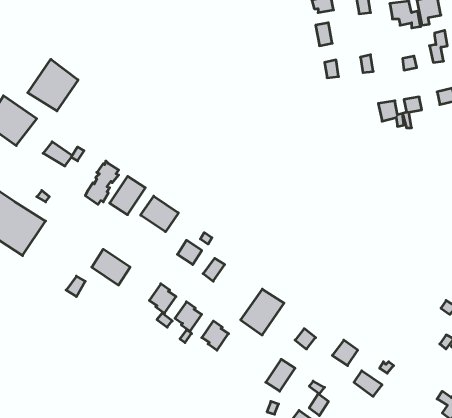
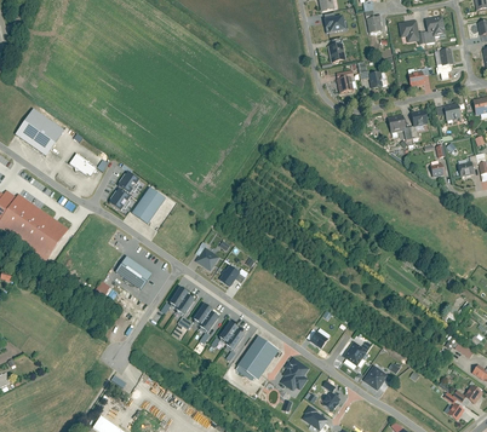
building: [28,59,78,111] -> none
building: [141,196,178,232] -> none
building: [241,289,284,335] -> [237,335,279,379]

